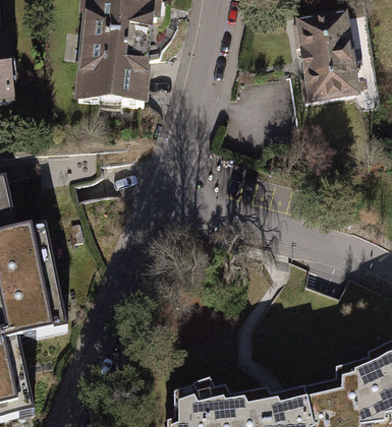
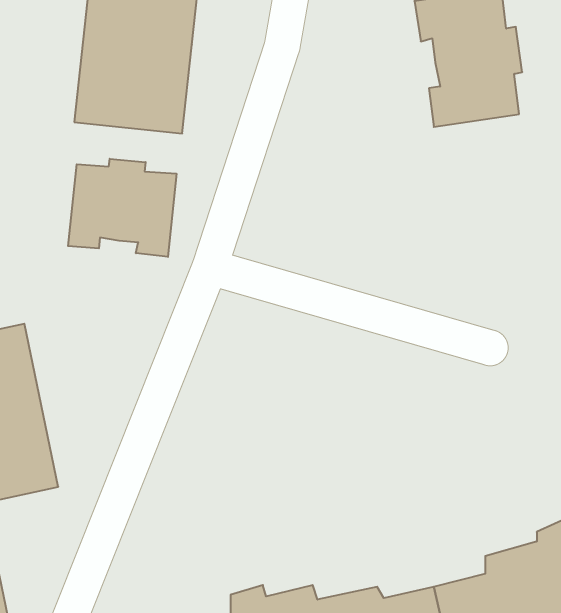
building: none -> [68,159,176,257]

